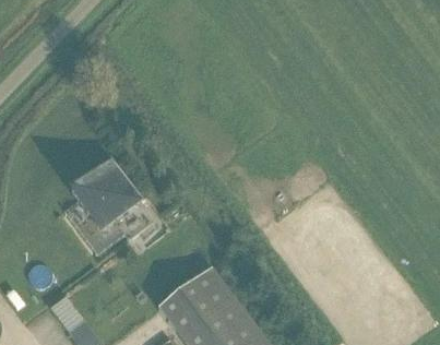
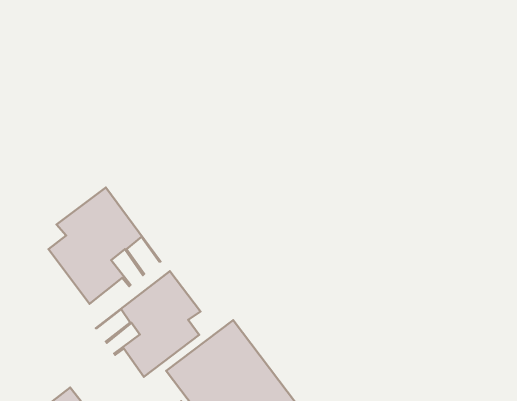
building: none -> [96,271,200,377]

